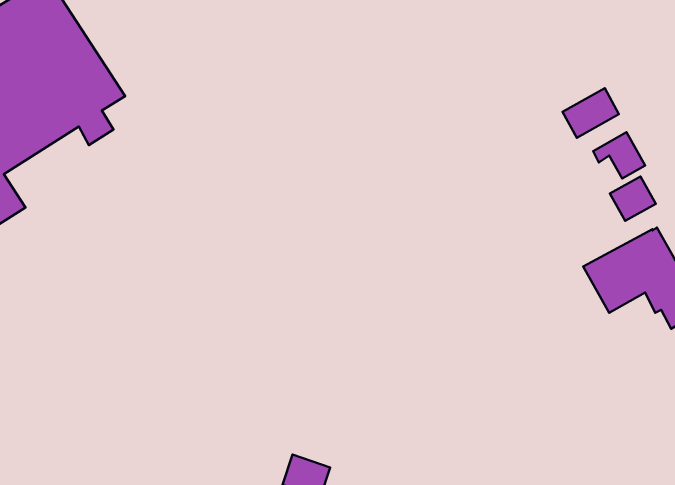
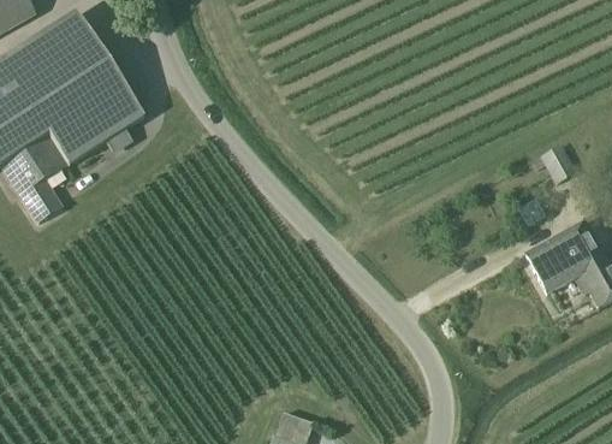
building: [563,88,619,138] -> none
building: [610,177,656,221] -> none

